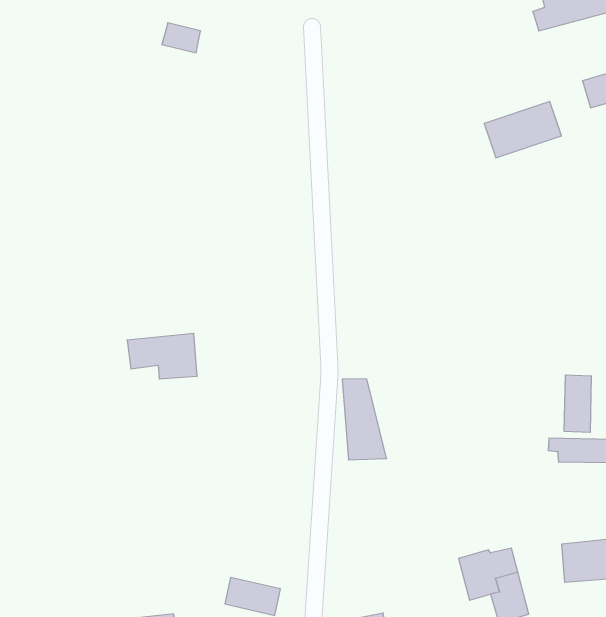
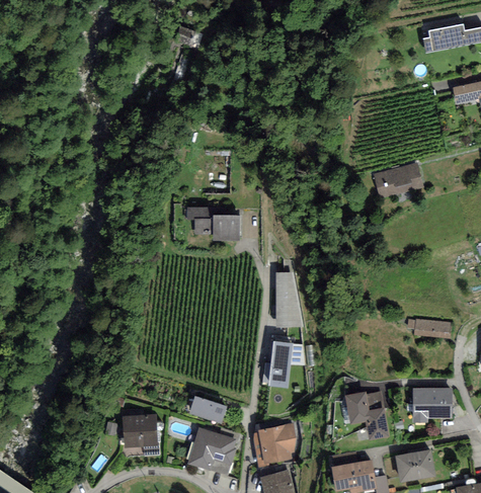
building: [484,102,562,158] -> [374,161,424,195]
building: [127,333,197,379] -> [194,212,239,240]
building: [564,375,591,432] -> none
building: none -> [270,339,293,384]

